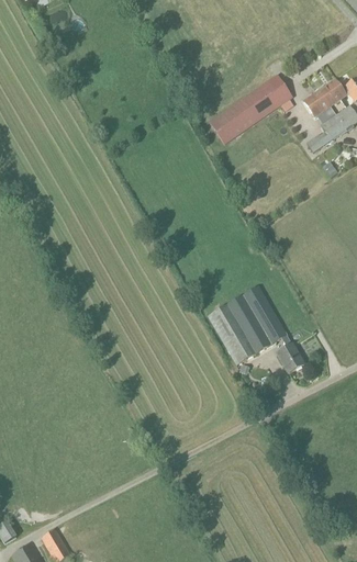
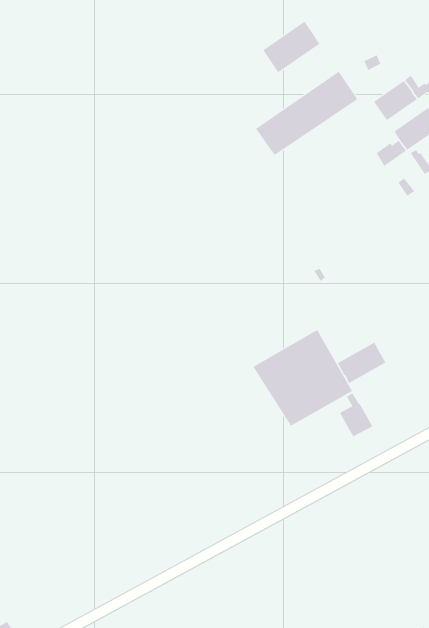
building: none -> [263,21,320,73]
building: none -> [337,342,386,384]

